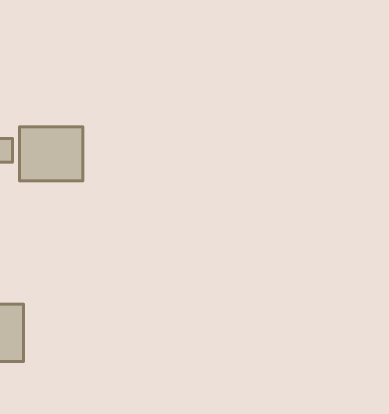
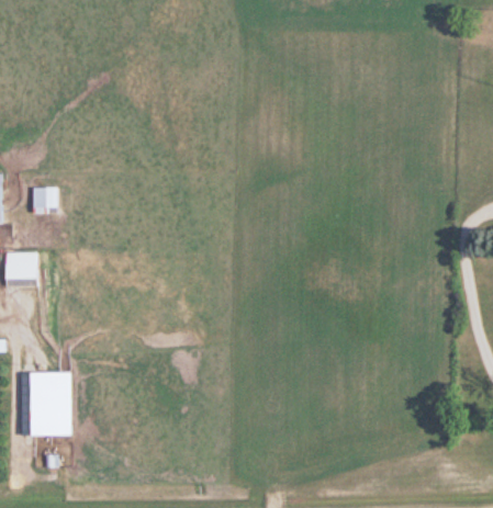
building: [19,127,83,181] -> none

